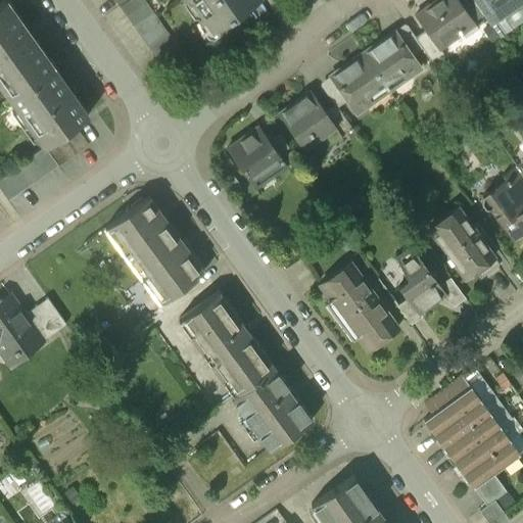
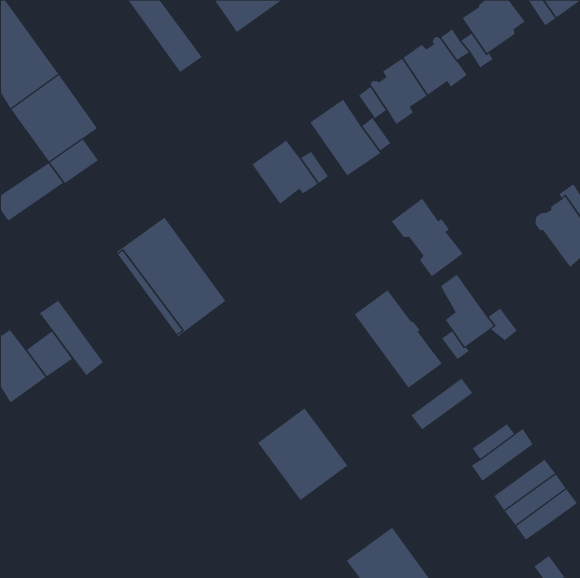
building: [429,208,494,280] -> [391,198,463,277]
building: none -> [39,300,104,376]
building: [179,293,275,398] -> none
building: [434,401,490,448] -> [411,378,473,430]
building: [473,474,507,507] -> none

